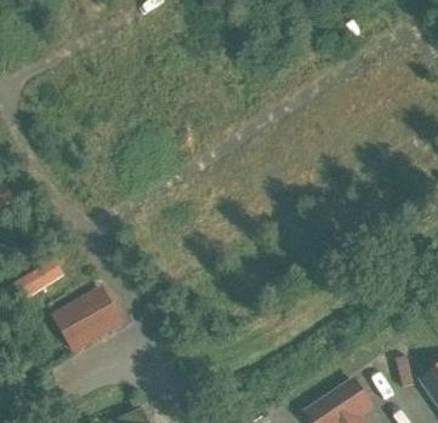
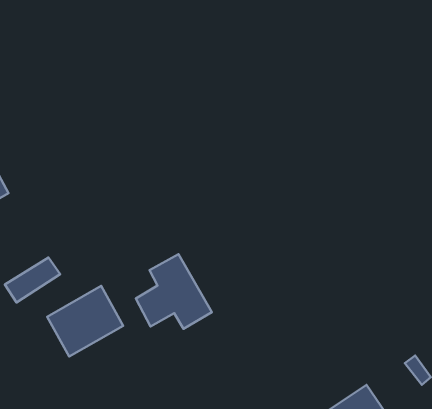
building: none -> [136,254,212,329]

